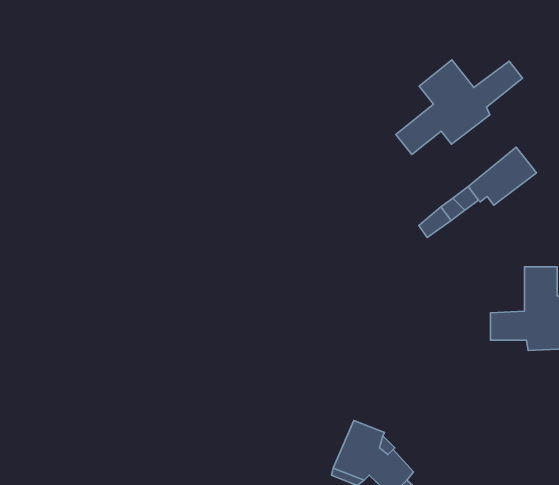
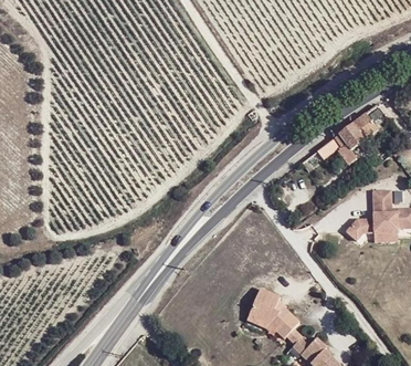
building: [396,60,523,155] -> none

